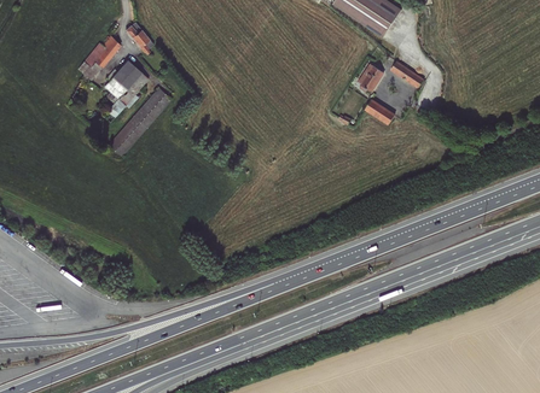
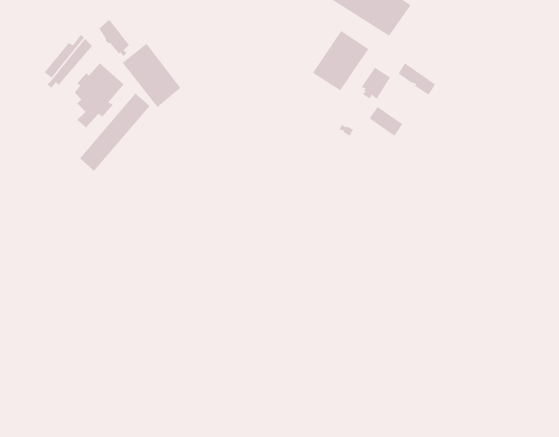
building: none -> [312,30,369,91]
building: none -> [122,43,181,108]

